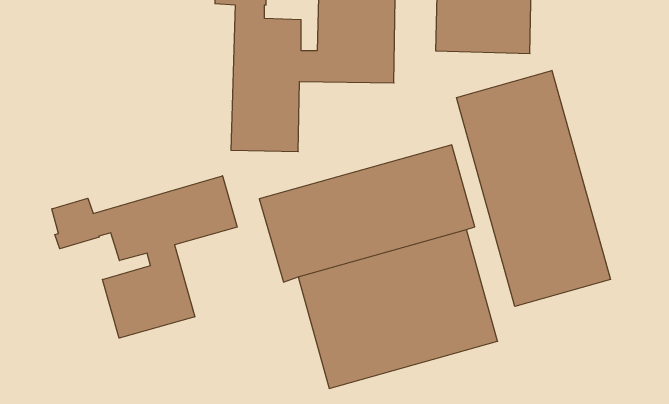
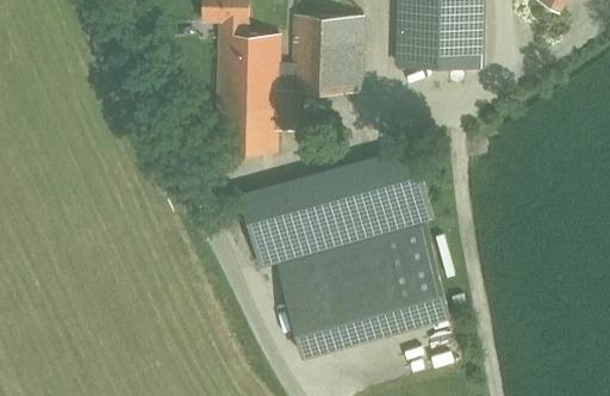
building: [456,70,610,306] -> none
building: [52,176,237,338] -> none

